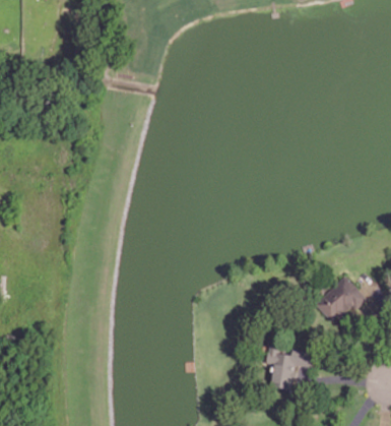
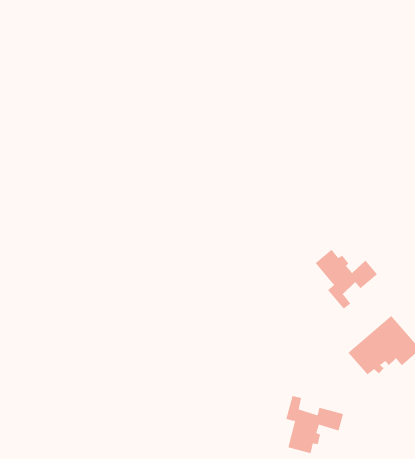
building: none -> [315,249,378,309]

